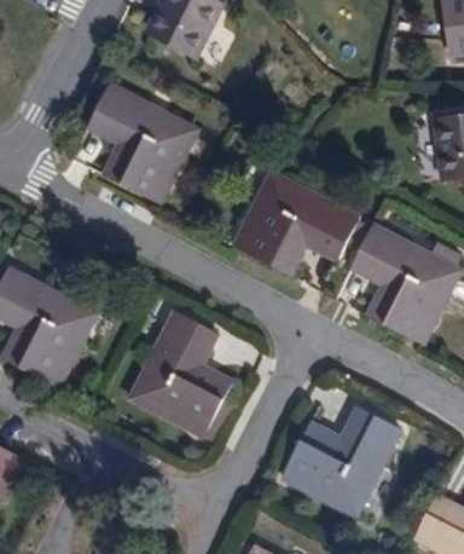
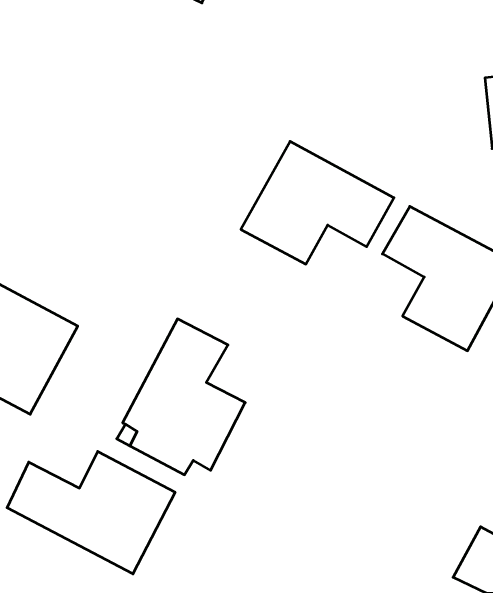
building: [92,85,198,202] -> none
building: [284,415,404,524] -> none
building: none -> [7,451,175,574]

